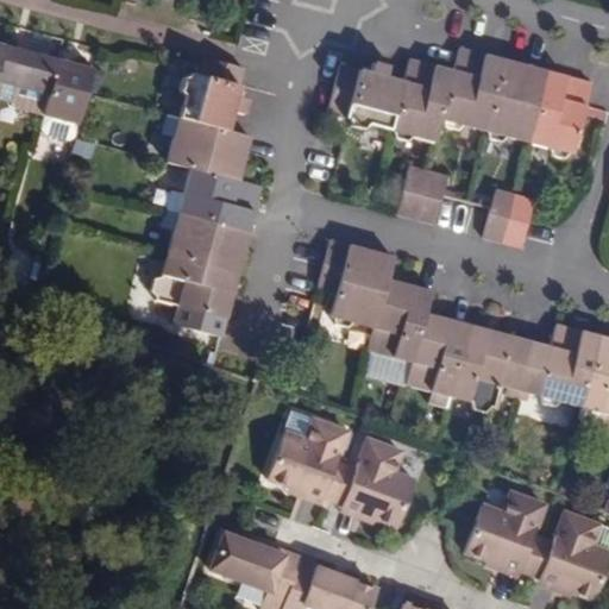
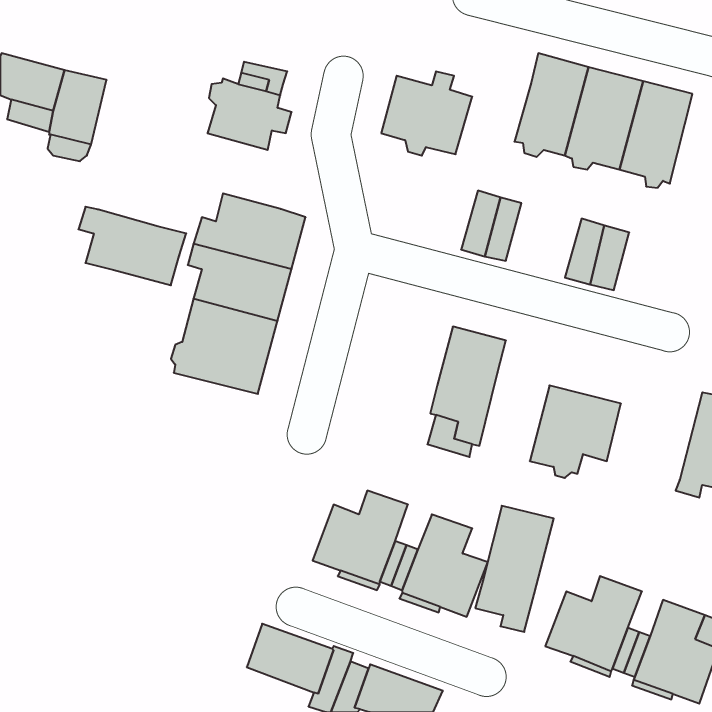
building: [390,58,454,144] -> none
building: [163,111,255,177] -> [78,207,186,285]
building: [318,239,393,329] -> none
building: [403,316,470,423] -> [475,506,554,632]
building: [519,322,599,407] -> none

